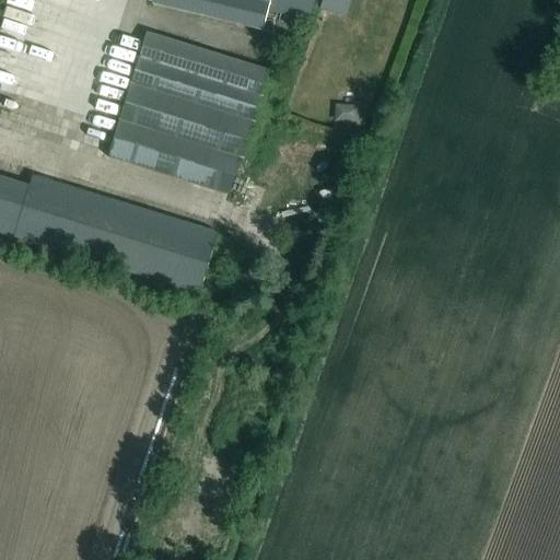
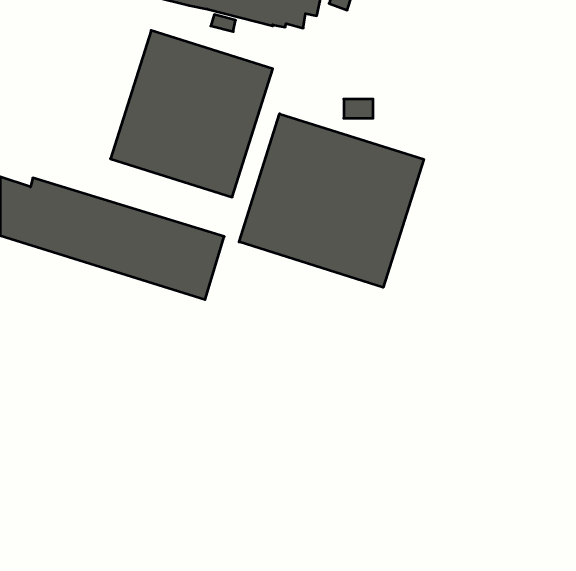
building: none -> [239,114,424,287]

